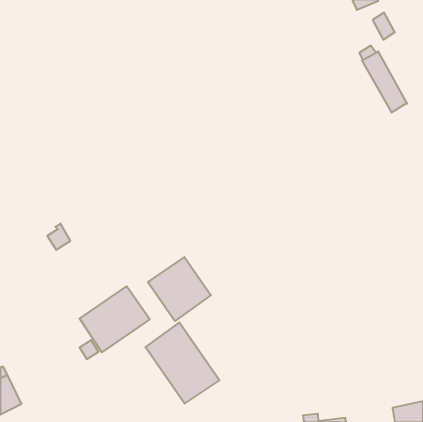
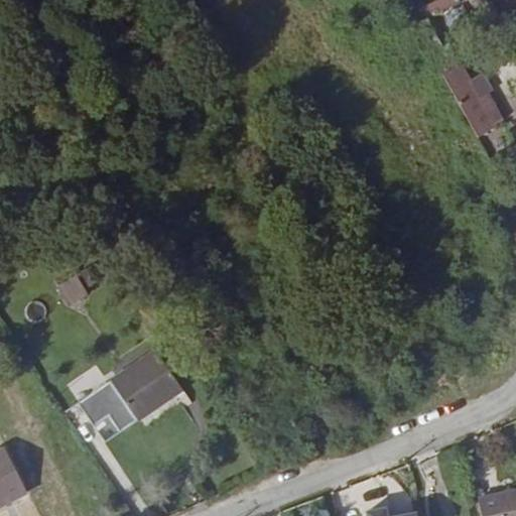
building: [148,257,211,321] -> none
building: [145,322,219,404] -> none

